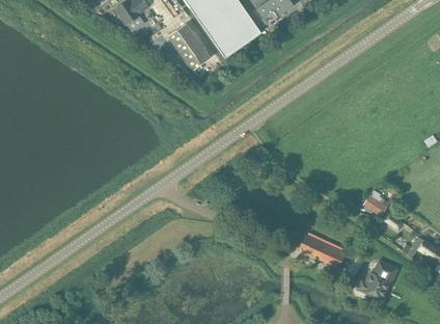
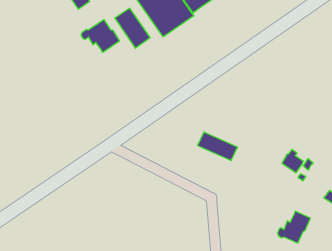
building: none -> [81,20,119,52]
building: [299,235,346,268] -> [198,132,238,161]

